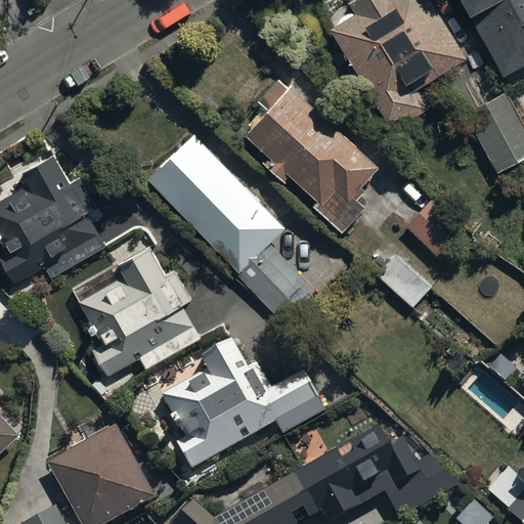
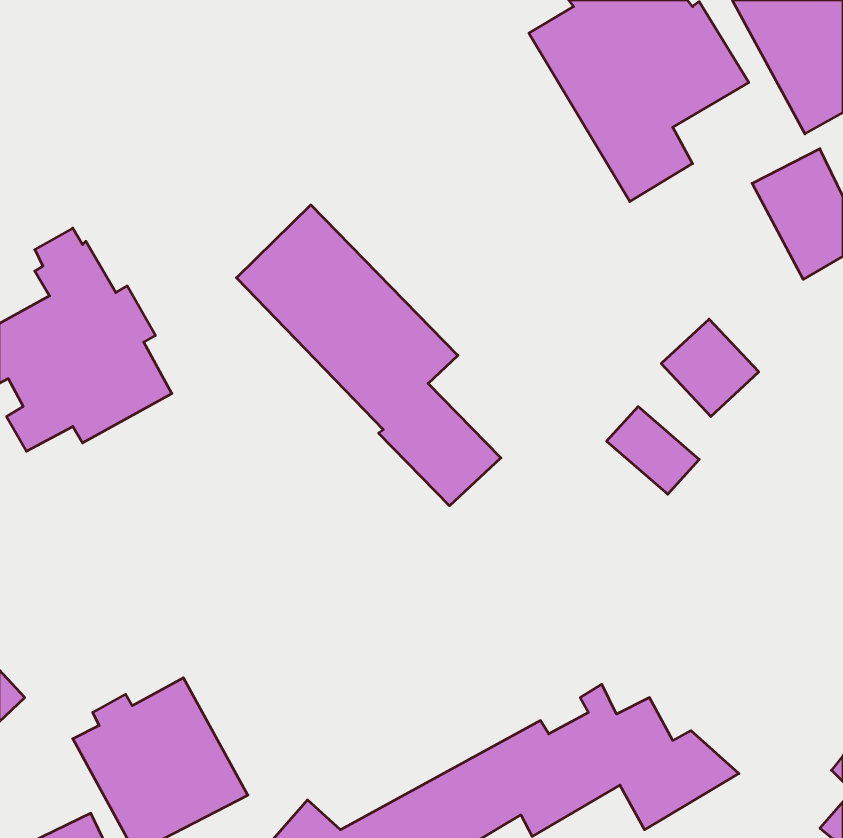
building: [246,84,380,234] -> none
building: [71,241,199,375] -> none
building: [162,336,324,467] -> none

